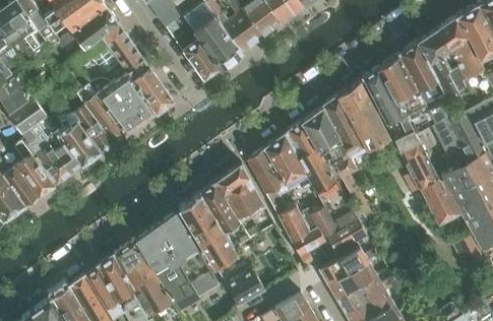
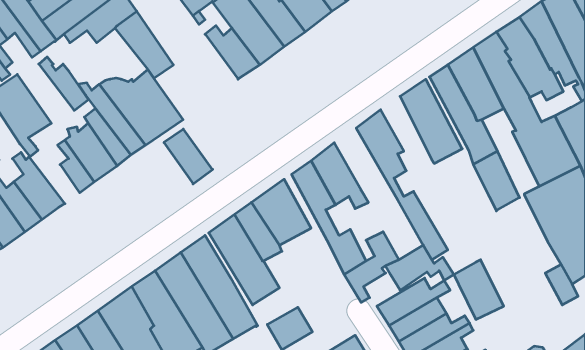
building: [132,67,173,113] -> [164,129,213,184]
building: [321,93,364,177] -> none
building: [283,120,335,191] -> none
building: [28,138,70,183] -> [39,57,89,110]
building: [419,176,460,226] -> [454,260,504,319]

